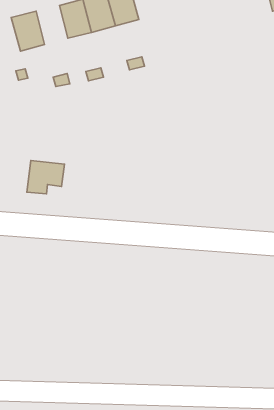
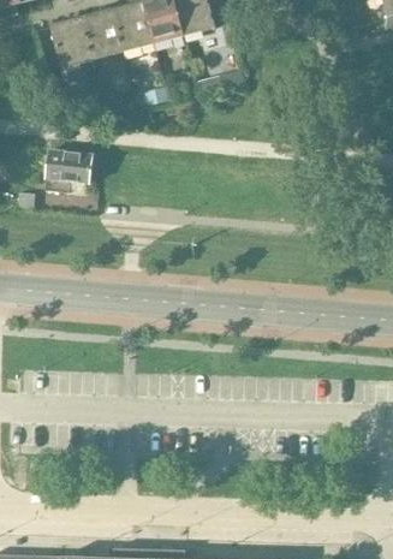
building: none -> [82,10,123,60]
building: [27,160,64,194] -> [44,150,93,194]

